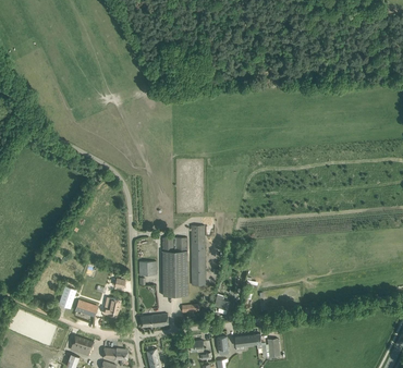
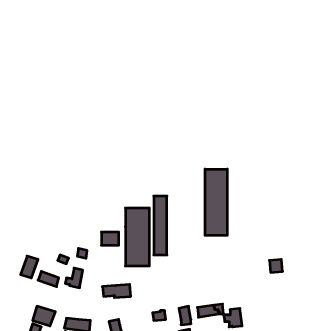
building: none -> [205,169,227,235]

